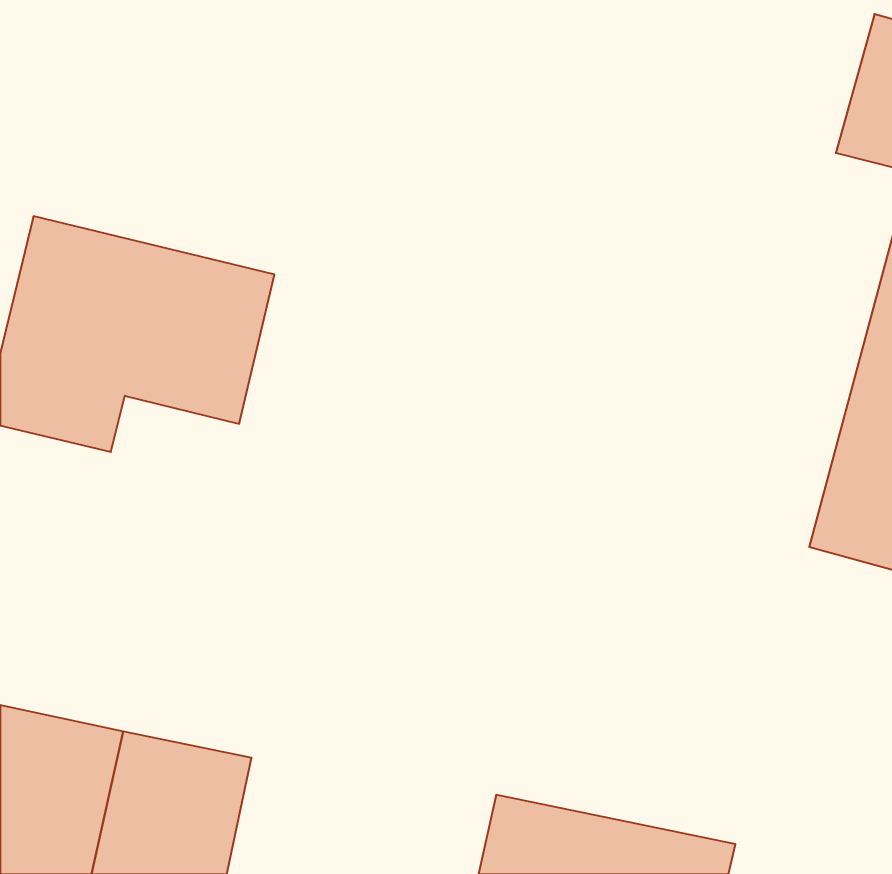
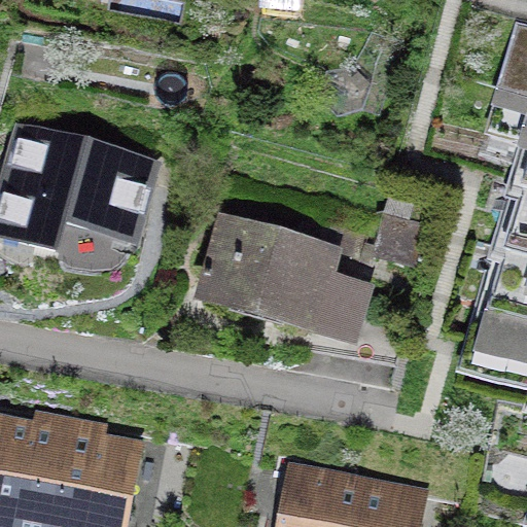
building: none -> [204,215,345,331]

